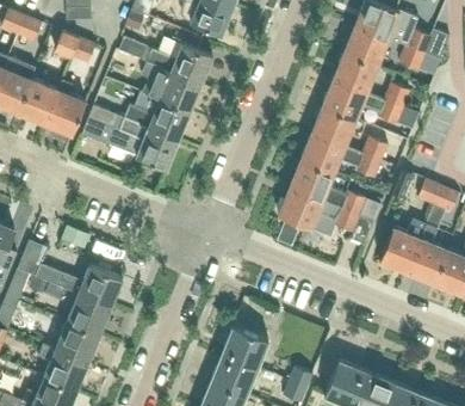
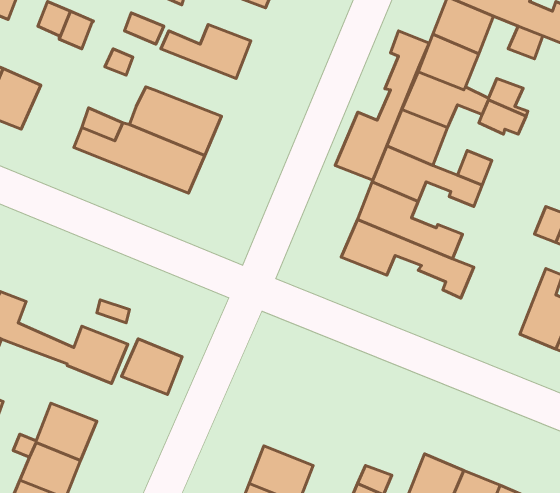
building: none -> [335,31,429,180]
building: [141,64,200,113] -> none
building: [44,80,86,135] -> none
building: [379,220,426,272] -> none
building: [66,295,110,336] -> [122,339,182,395]
building: [221,326,267,368] -> none

